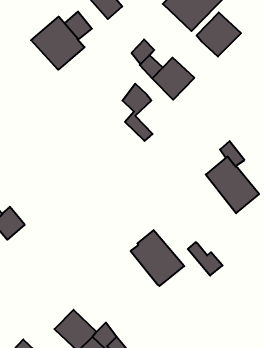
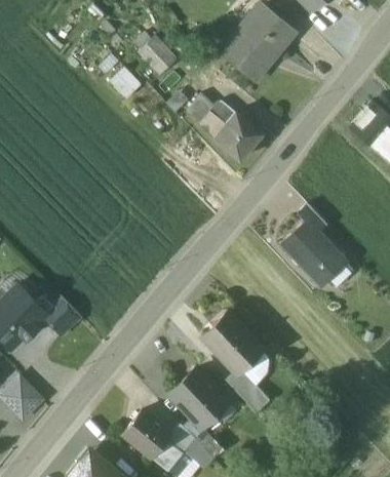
building: [197,12,241,57] -> none
building: [31,17,85,70] -> none
building: [122,84,153,141] -> none
building: [188,242,223,276] -> [230,373,271,410]
building: none -> [171,367,229,425]

